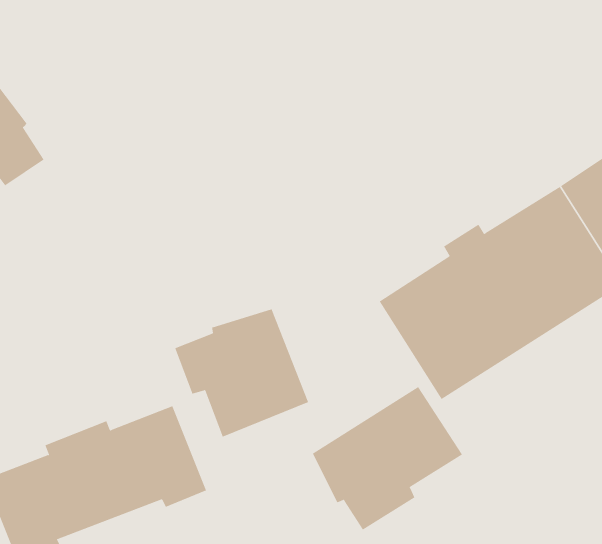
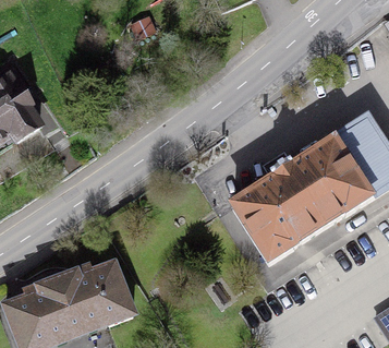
building: [175,308,309,437] -> none
building: [312,386,463,531] -> none

